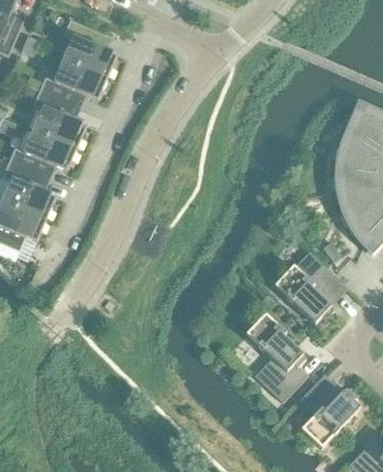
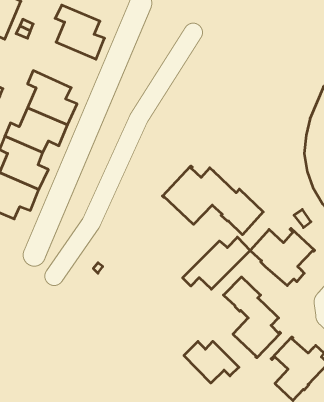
building: [38,59,106,108] -> none
building: none -> [162,166,263,235]
building: none -> [183,237,250,289]
building: none -> [184,341,239,383]

